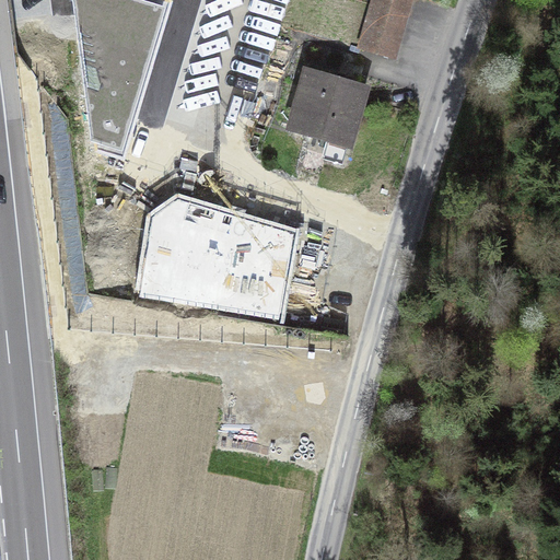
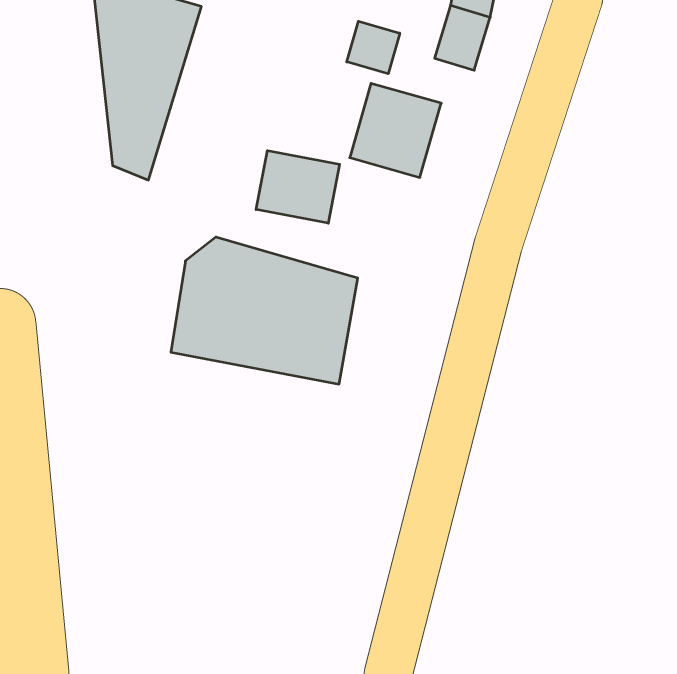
building: none -> [347,21,400,74]
building: none -> [256,151,340,223]

